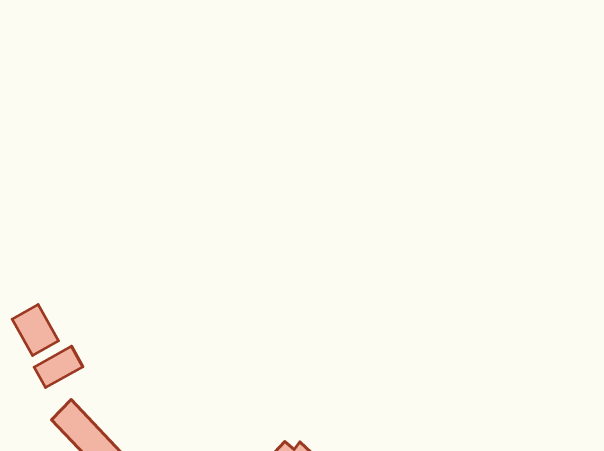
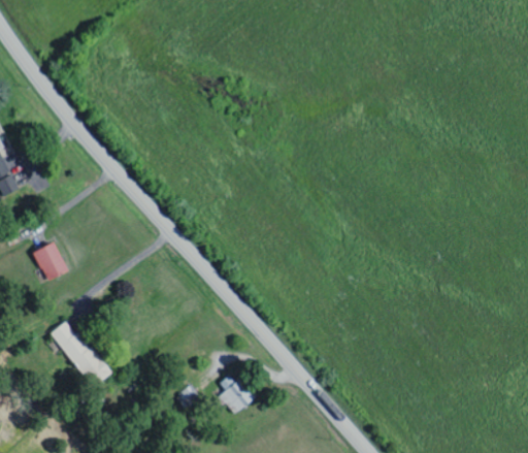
building: [34,346,83,388] -> none

